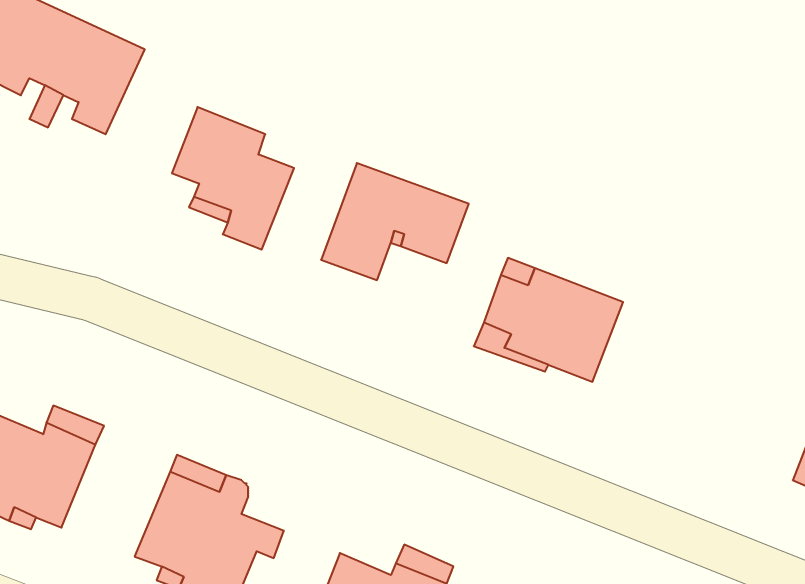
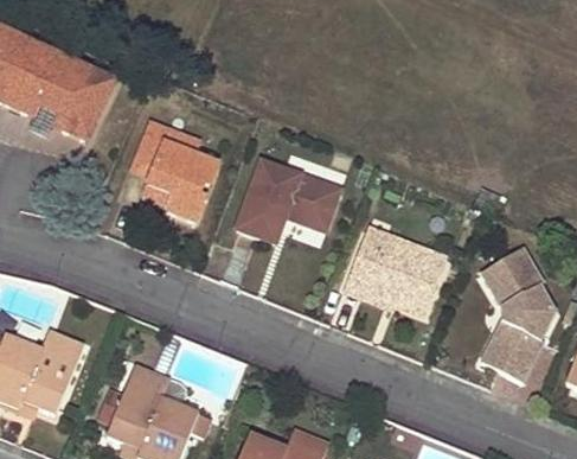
building: none -> [480,246,554,381]

